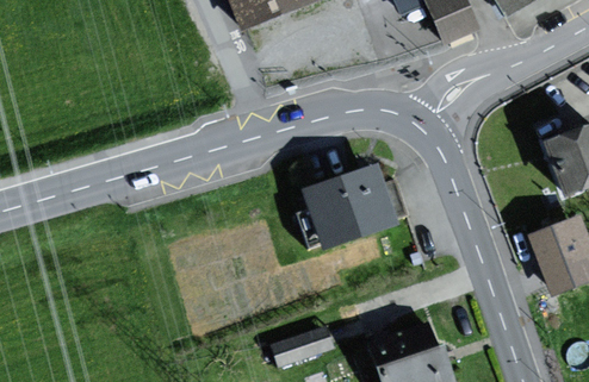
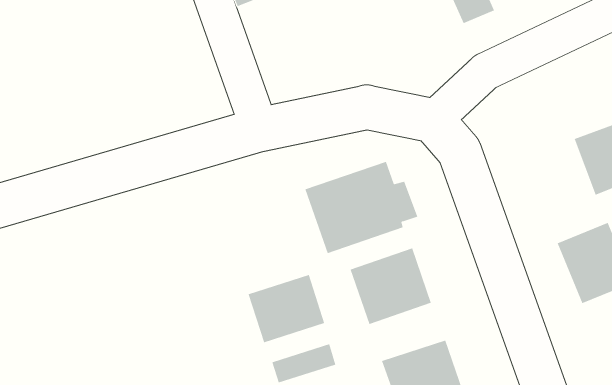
building: none -> [350,247,432,325]
building: none -> [248,274,325,343]

